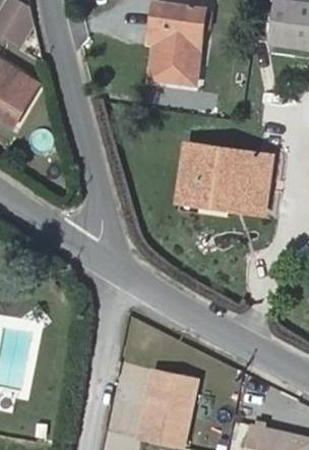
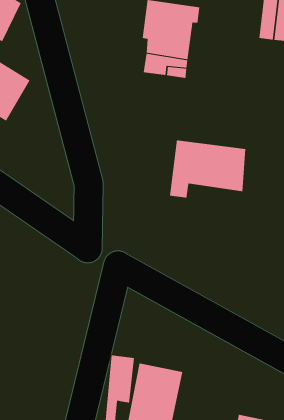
building: [197,154,273,213] -> none

